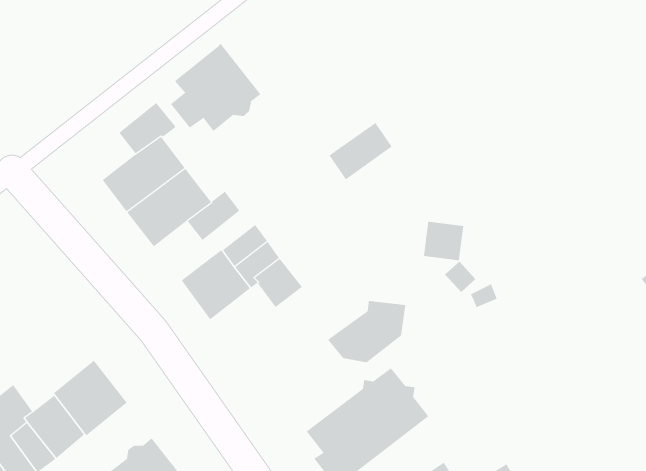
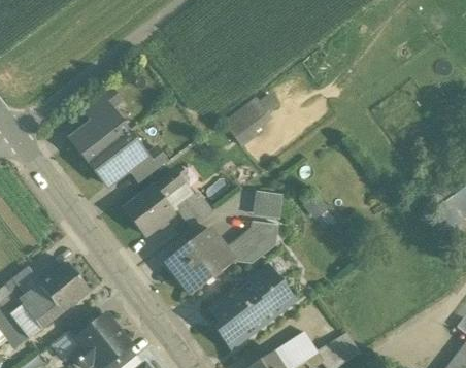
building: [170,43,261,132] -> none
building: [423,221,464,261] -> [255,192,282,219]
building: none -> [165,228,235,295]

